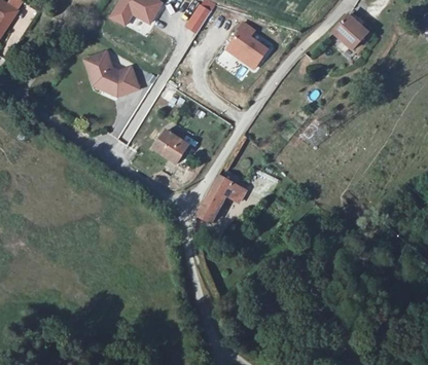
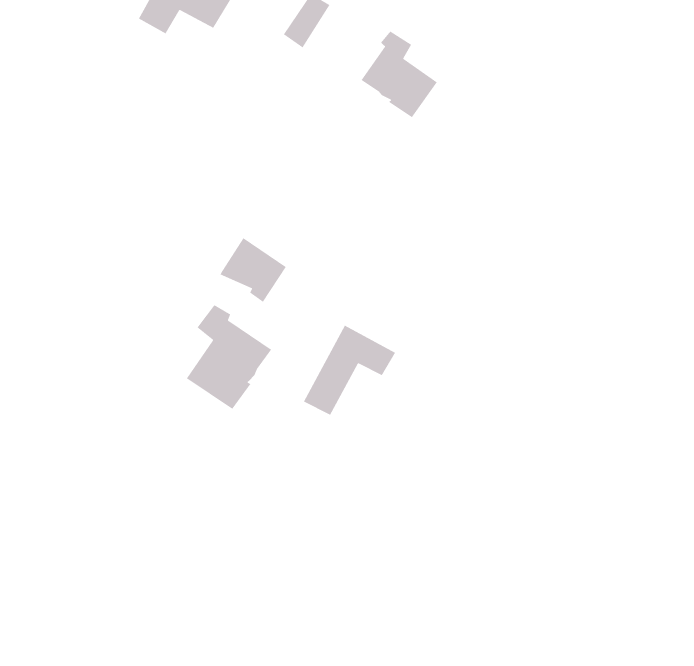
building: [333,14,369,48] -> none
building: [84,52,140,96] -> none
building: none -> [186,304,272,410]

